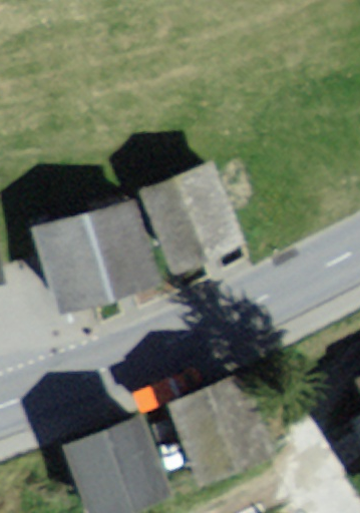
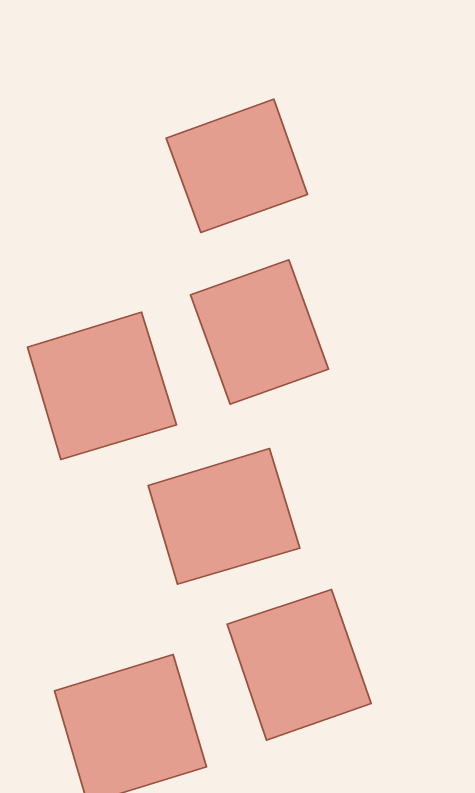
building: none -> [166,99,308,233]
building: none -> [148,448,300,584]

